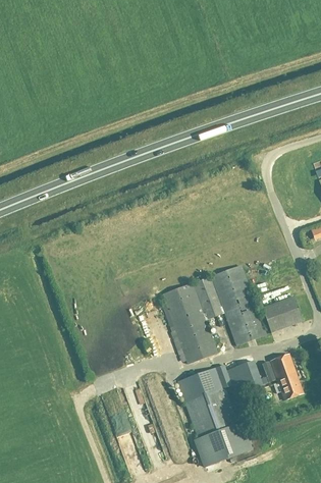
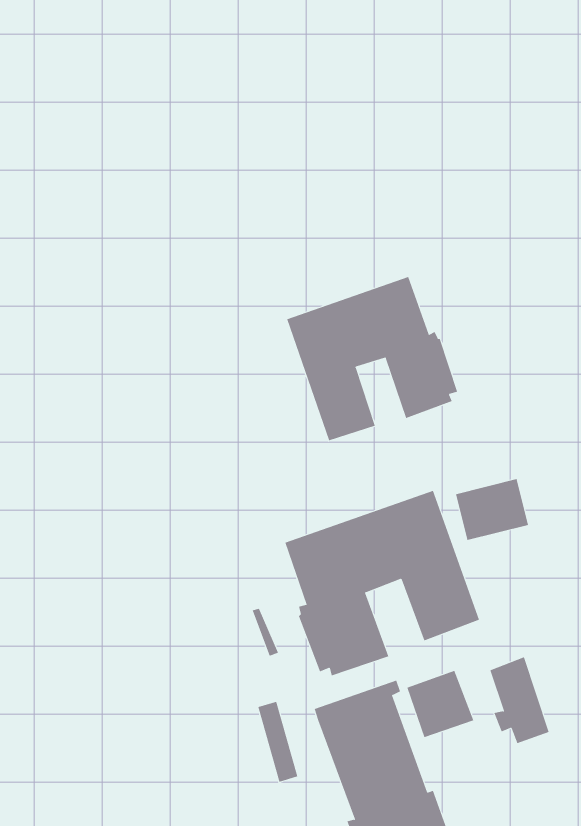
building: none -> [287,276,458,441]
building: [262,293,301,326] -> [455,479,529,541]

